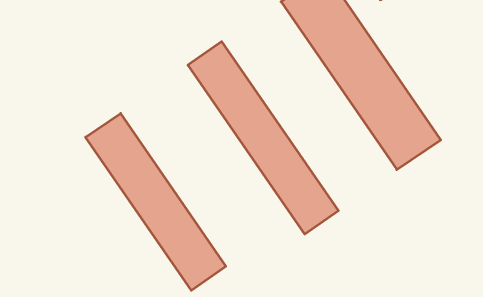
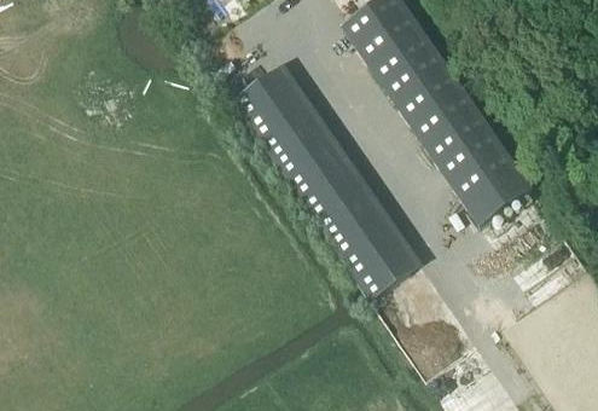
building: [86,113,226,290] -> none

